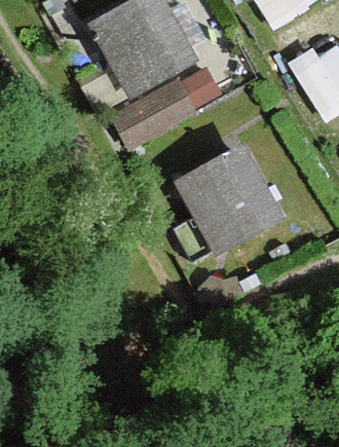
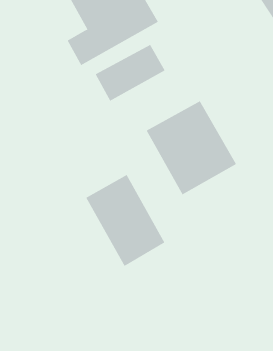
building: none -> [85,174,165,267]

